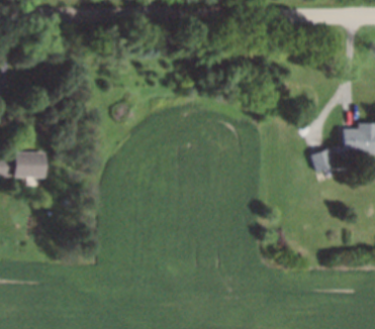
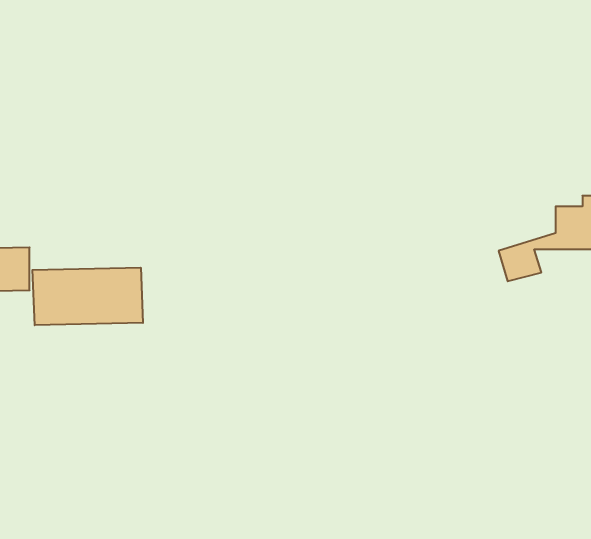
building: none -> [32,268,143,325]

